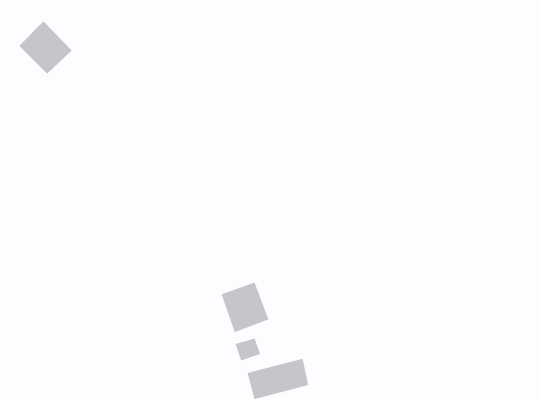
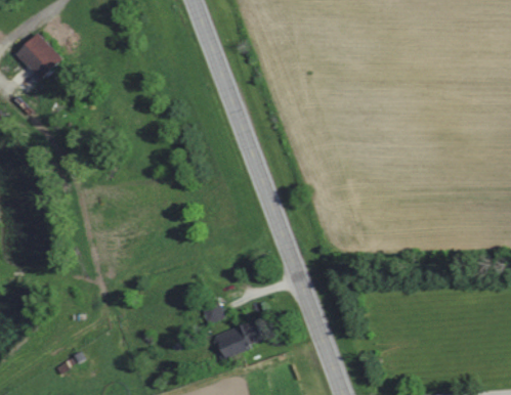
building: [220,282,270,333] -> none

